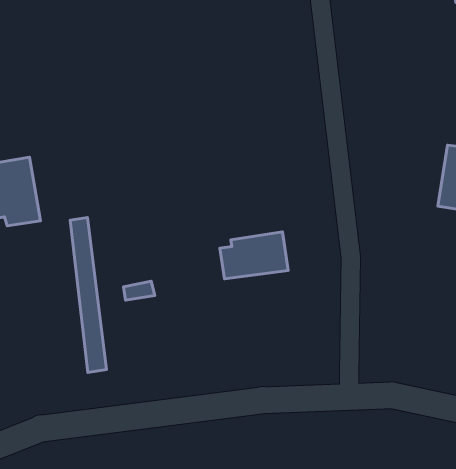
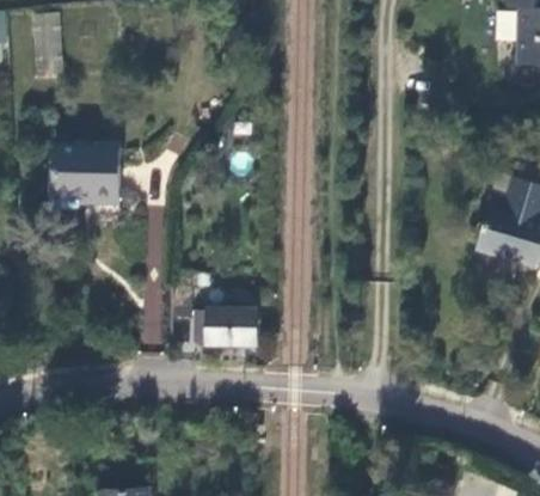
building: [220,232,288,279] -> [201,308,258,343]

